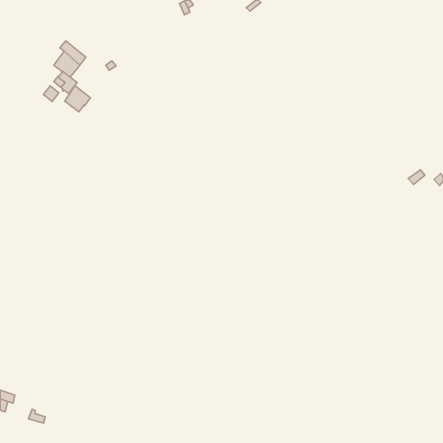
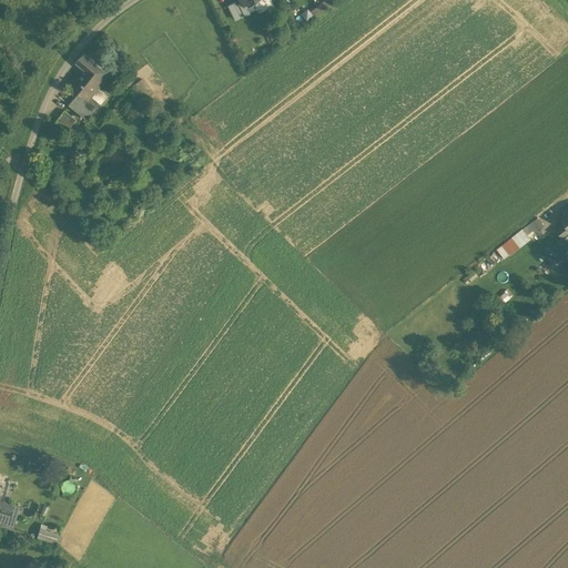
building: [65,85,90,112] -> none

